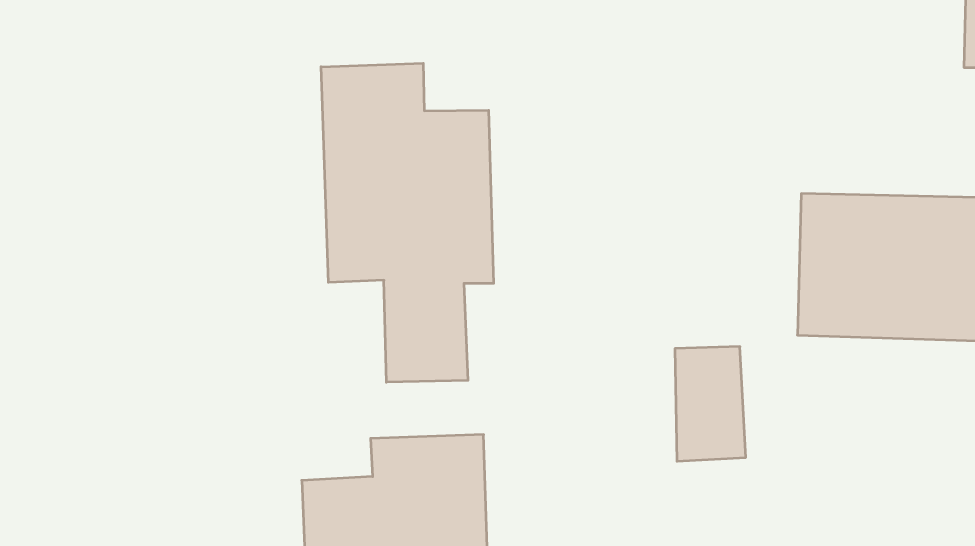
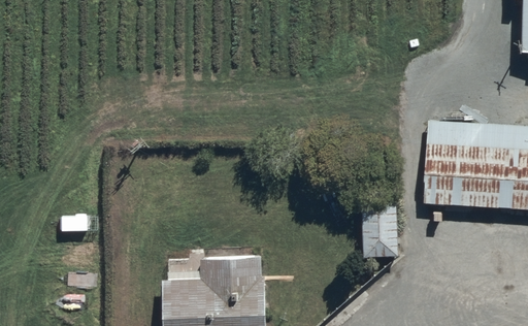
building: [321,63,494,382] -> none

